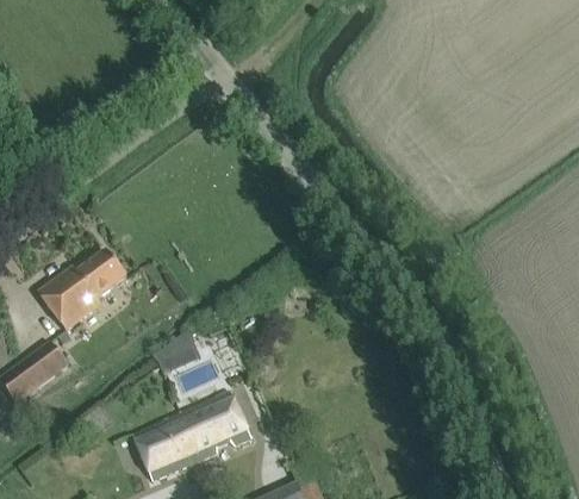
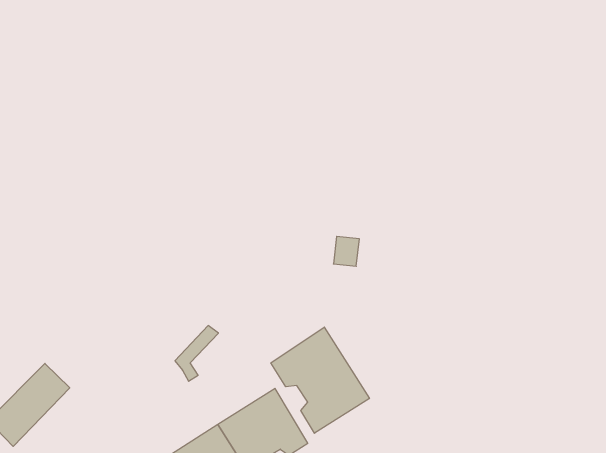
building: [38,250,126,330] -> none
building: none -> [271,327,369,433]

